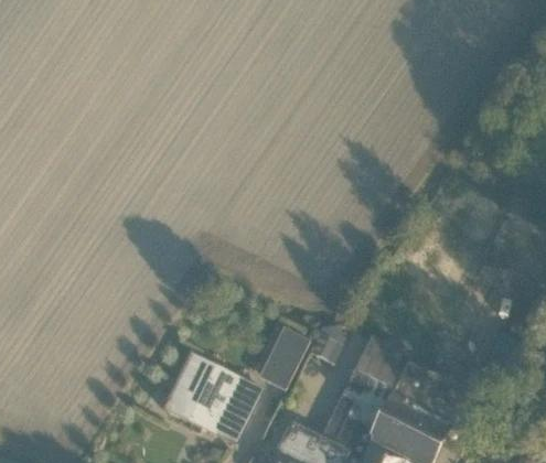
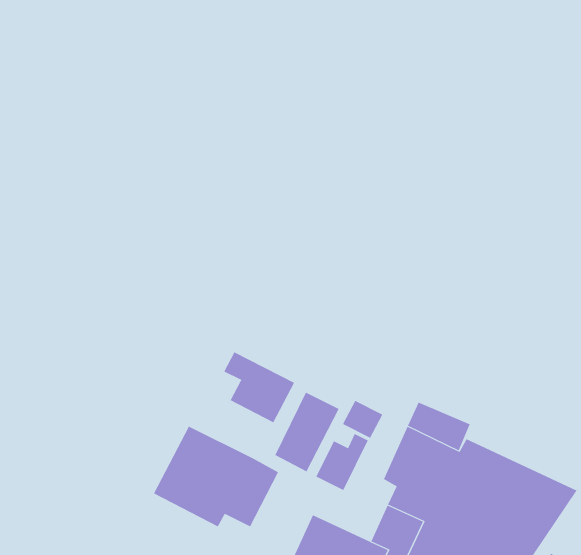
building: none -> [223,351,295,423]
building: none -> [316,433,369,491]

